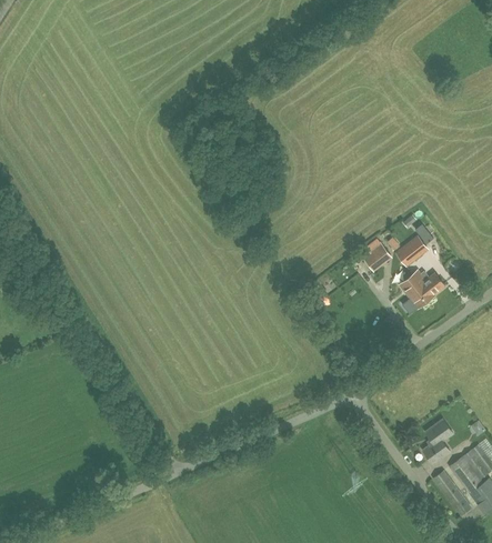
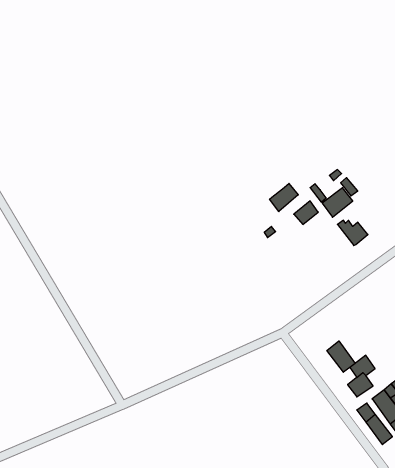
building: none -> [270,183,298,212]
building: [400,273,430,306] -> none
building: none -> [327,341,355,372]

